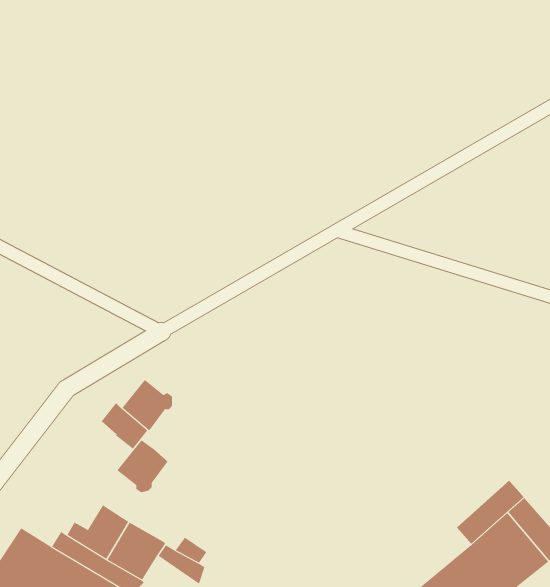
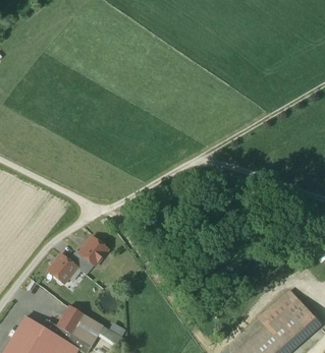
building: [116,440,170,493] -> [48,255,76,284]

